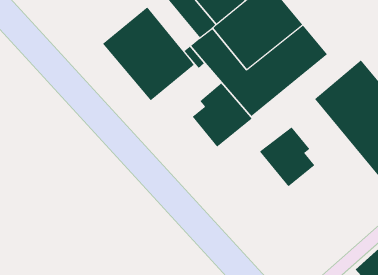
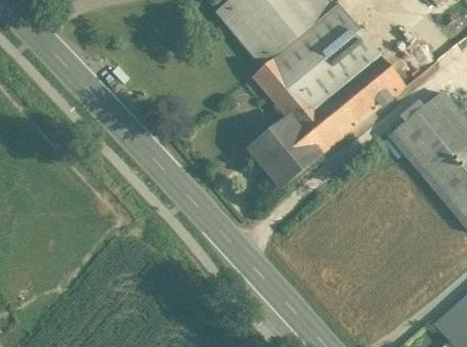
building: [102,7,194,101] -> none
building: [259,126,315,187] -> none

